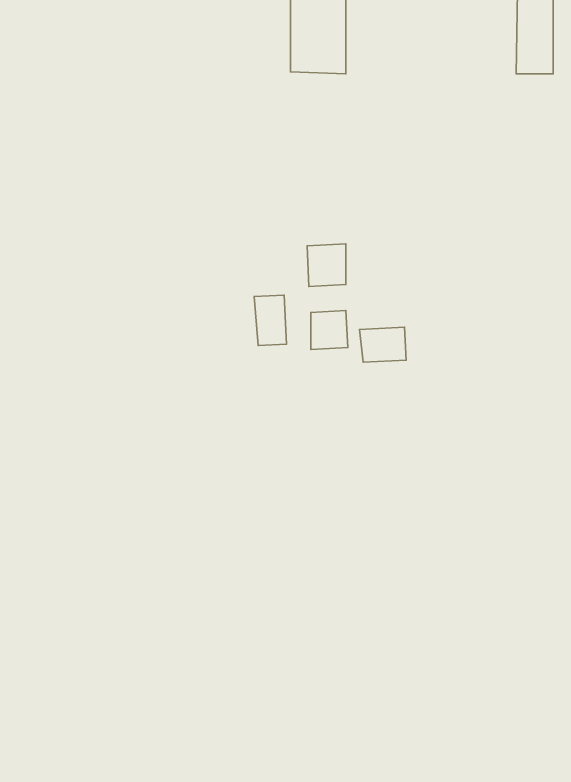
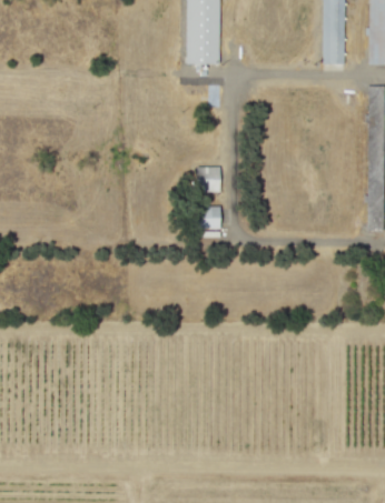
building: [254,295,287,345] -> none
building: [359,327,406,362] -> none

